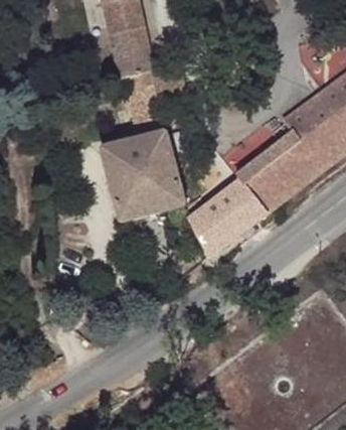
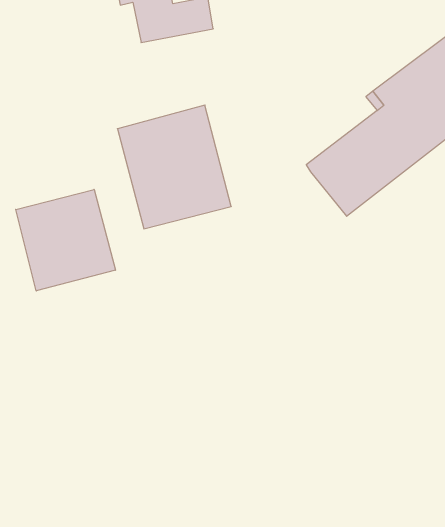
building: [188,170,267,248] -> none
building: none -> [16,189,115,291]

